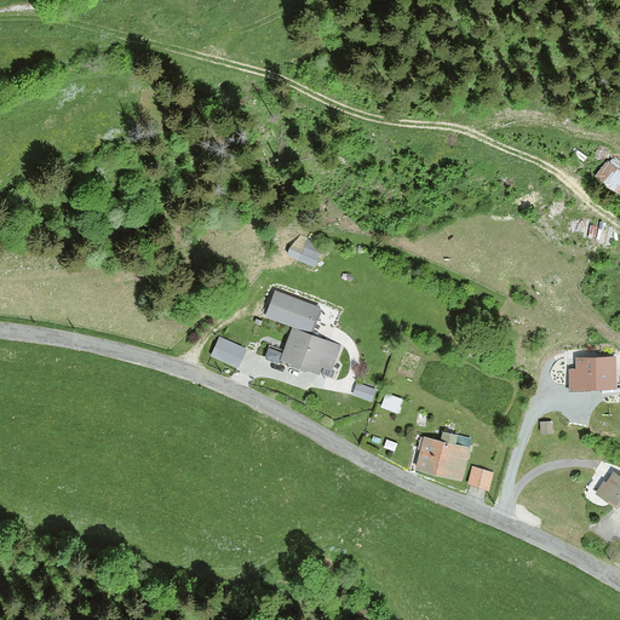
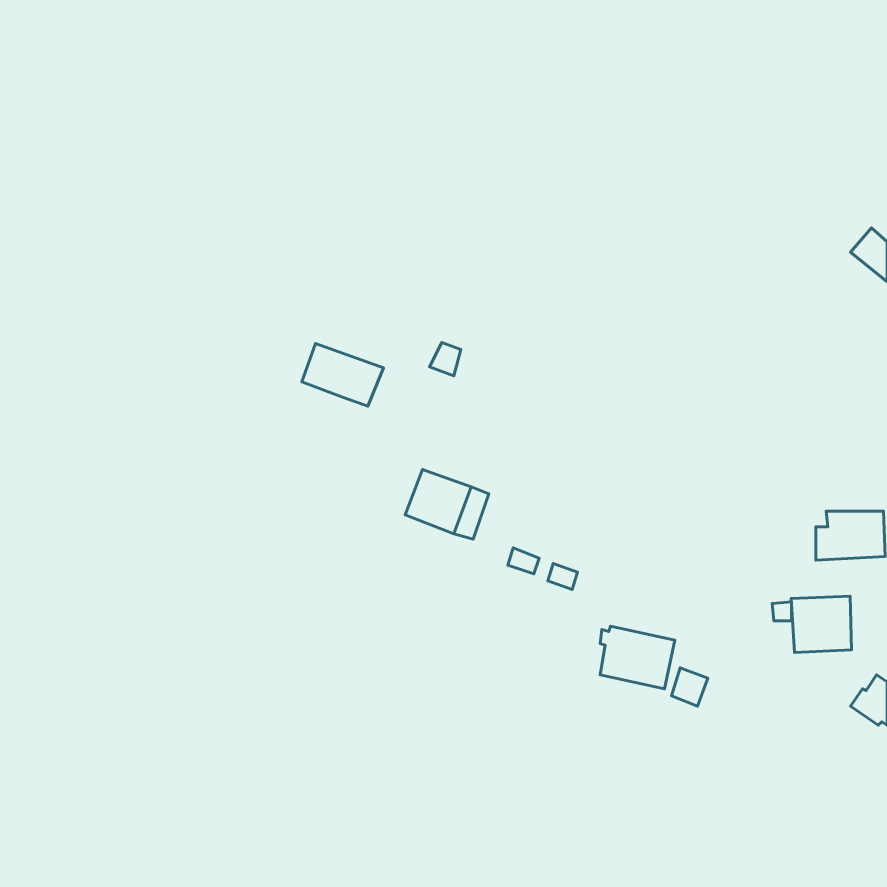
building: [265,289,322,333] -> [302,343,383,406]
building: [211,335,247,367] -> none
building: none -> [791,596,851,653]

